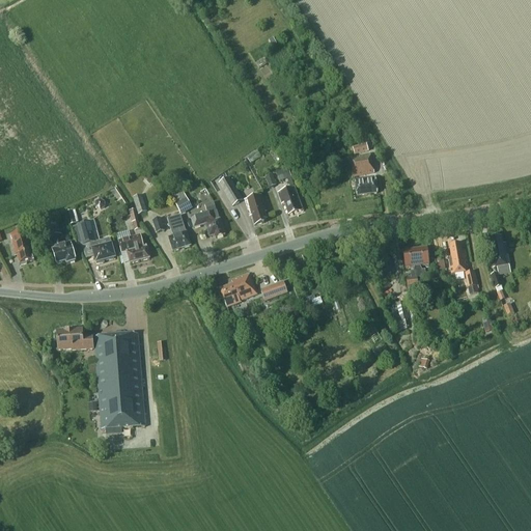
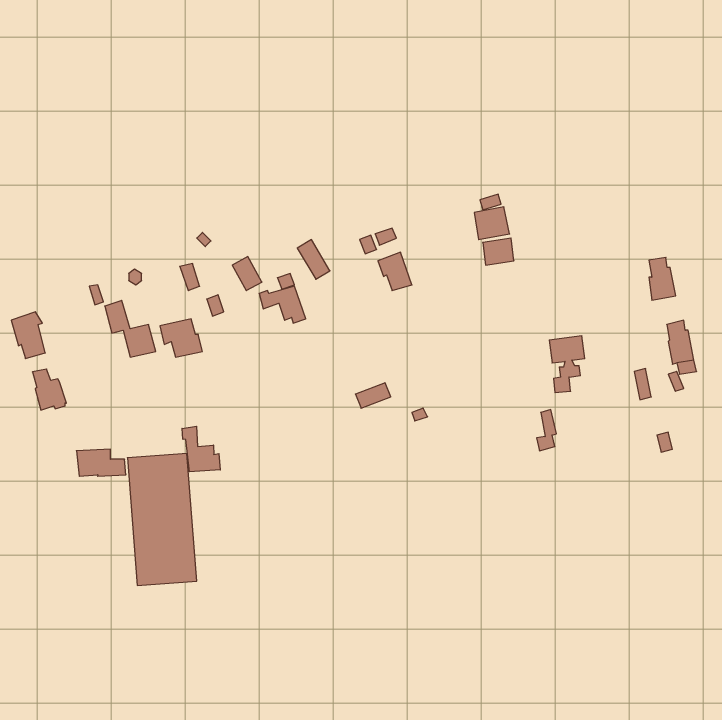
building: [244,194,266,224] -> none
building: [167,214,190,250] -> none
building: [50,233,75,263] -> [32,369,66,410]
building: [448,242,468,273] -> [649,257,676,300]
building: [219,272,256,306] -> none
building: none -> [182,426,220,472]

